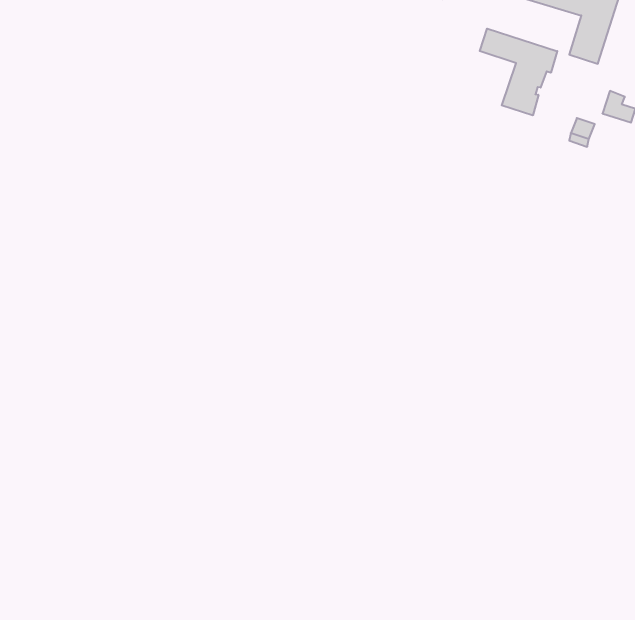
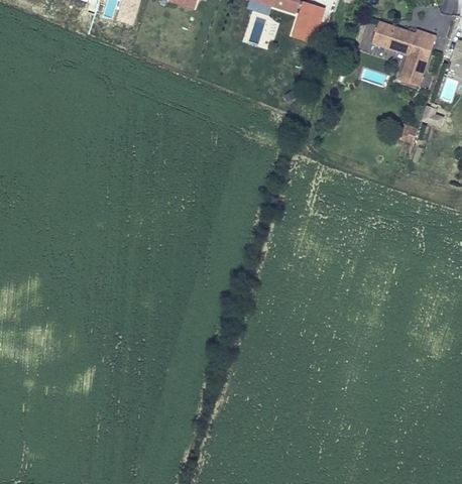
building: [480,29,557,115] -> none

